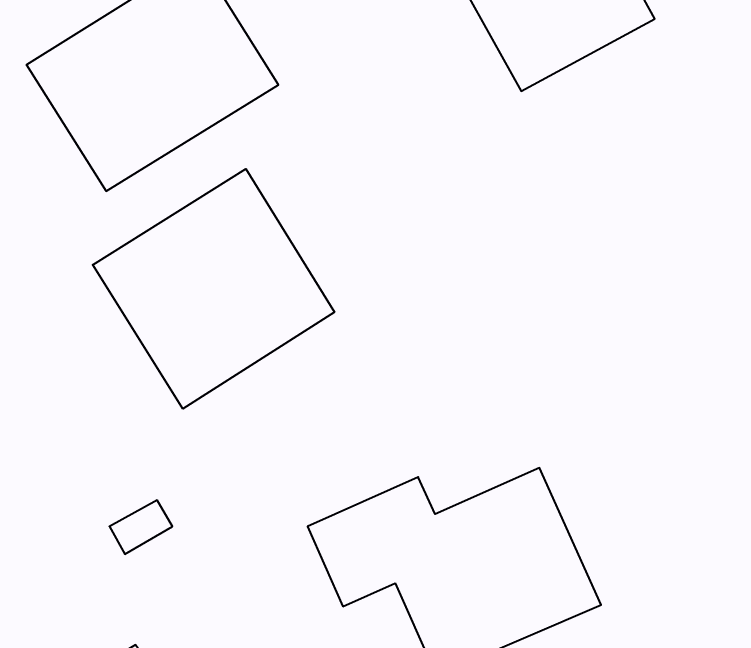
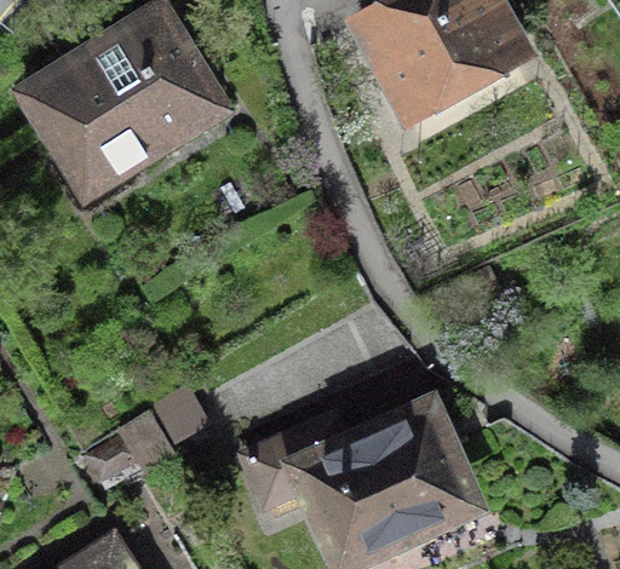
building: [93,169,334,409] -> none

